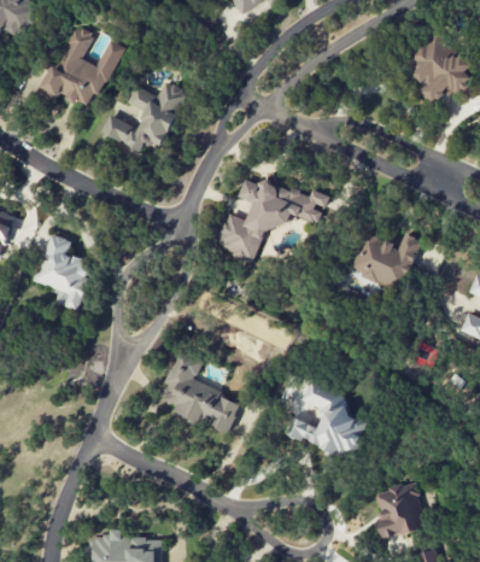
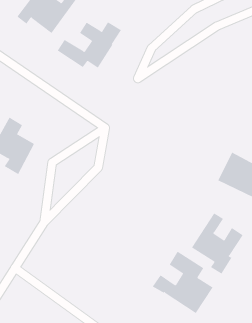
building: [218,175,330,260] -> none
building: none -> [191,213,243,274]
building: [162,351,241,434] -> none

